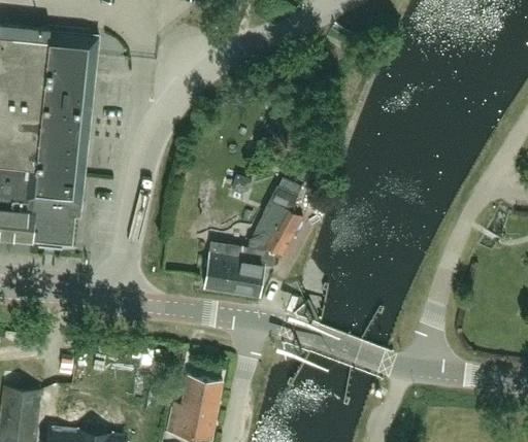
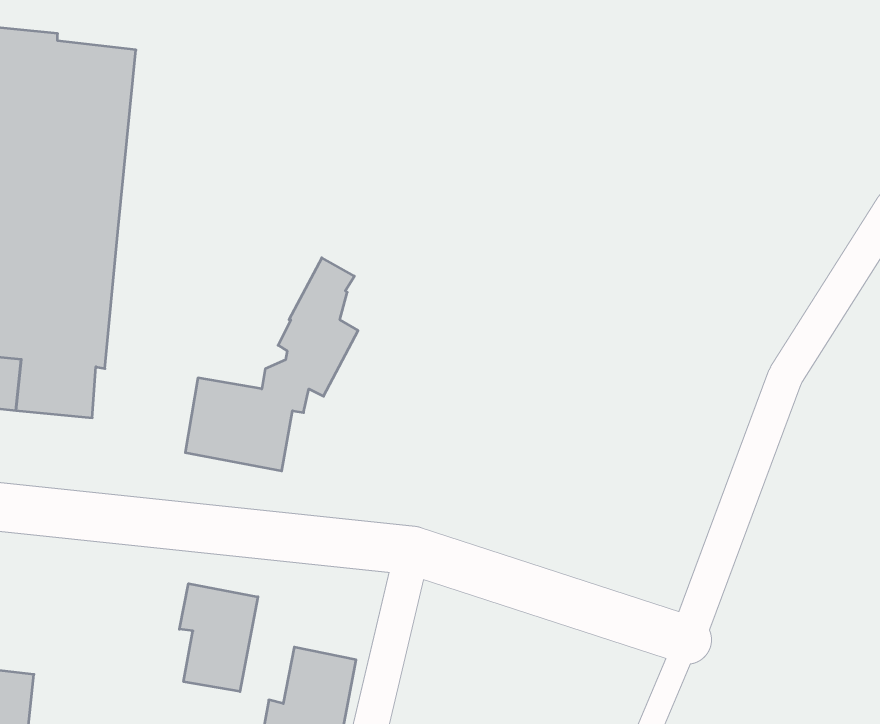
building: [204,179,302,300] -> [185,258,358,471]
building: none -> [179,584,258,692]

